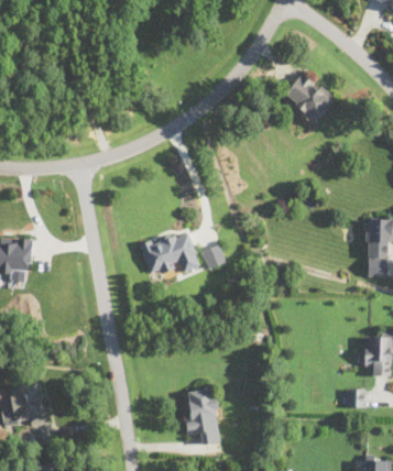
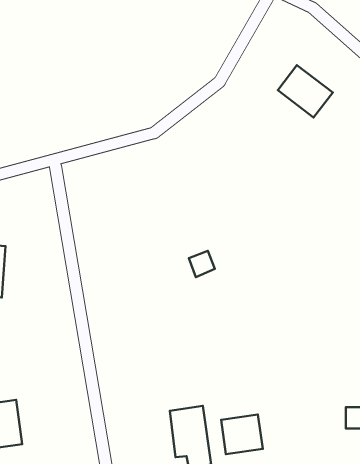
building: [139,230,200,276] -> none
building: none -> [221,415,263,454]

